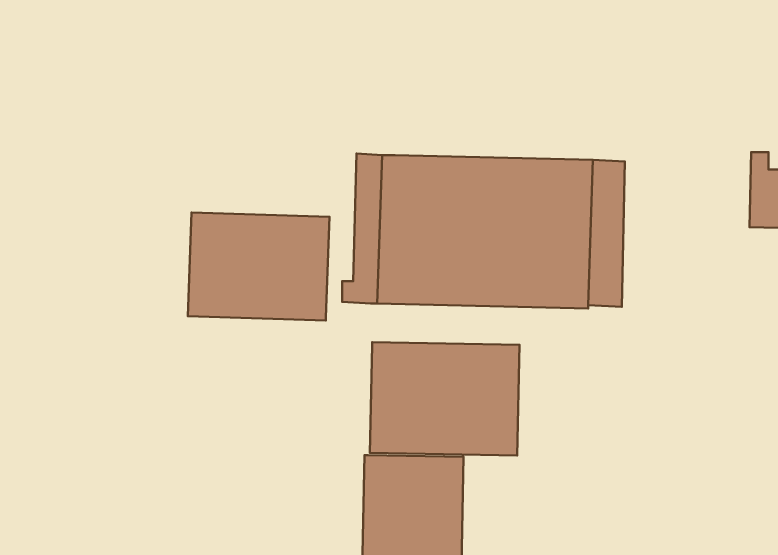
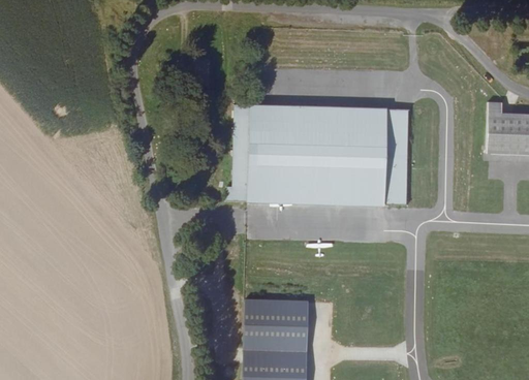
building: [188,212,329,321] -> none
building: [370,342,520,456] -> none

